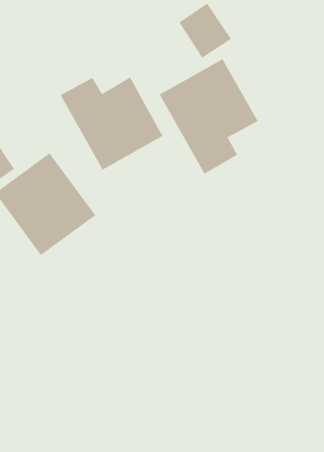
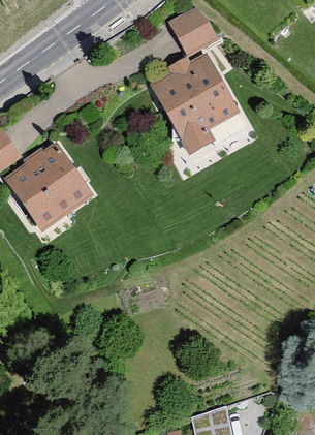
building: [60,76,163,170] -> none

